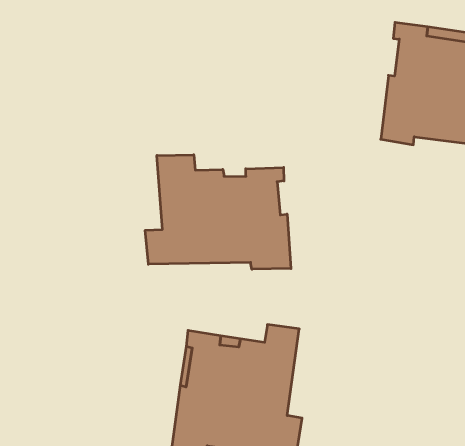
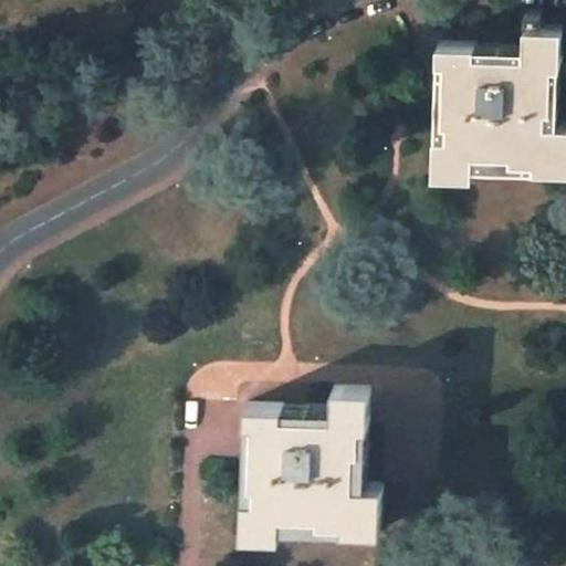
building: [145,155,291,269] -> none

